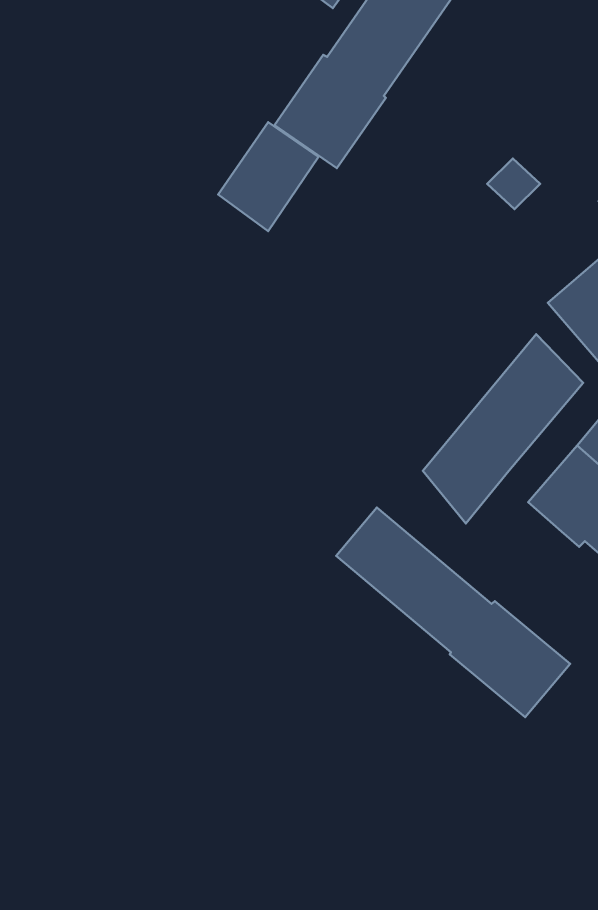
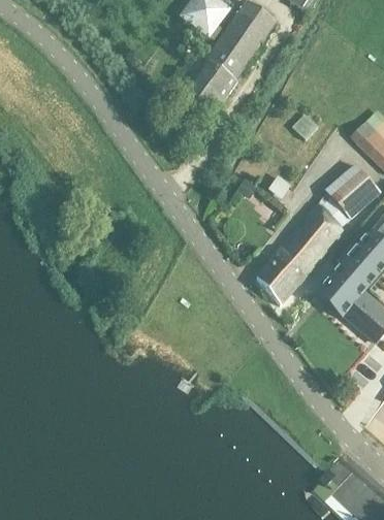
building: [218,122,318,231] -> none
building: [336,508,570,717] -> none

